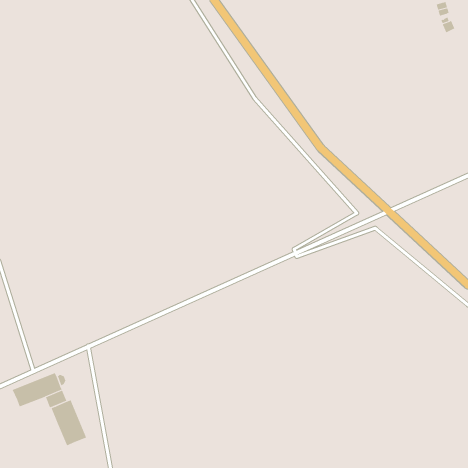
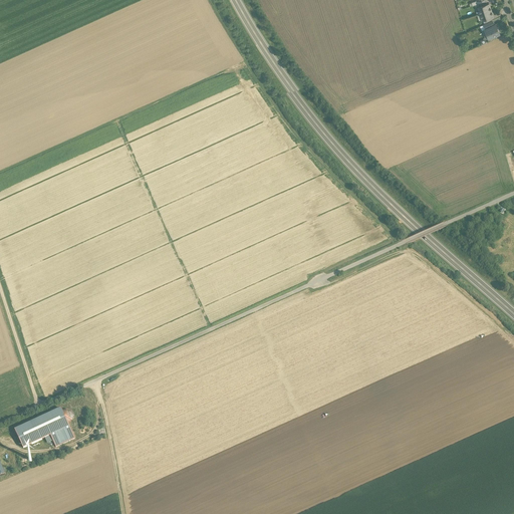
building: [51,400,87,446] -> none

